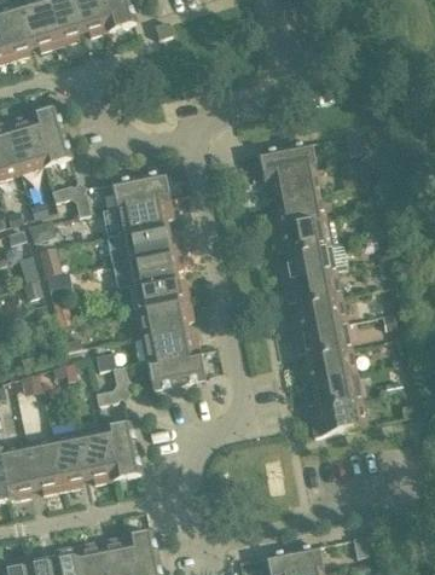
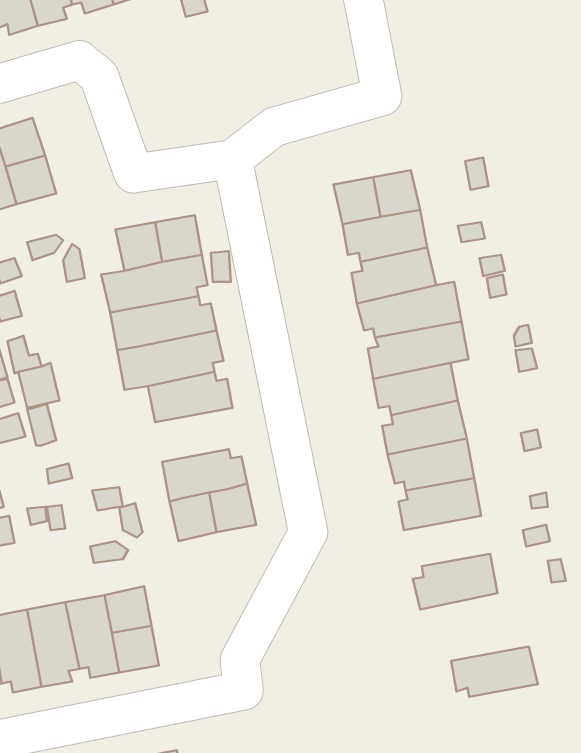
building: [139,302,195,338] -> none
building: [306,374,364,408] -> [451,646,538,697]

